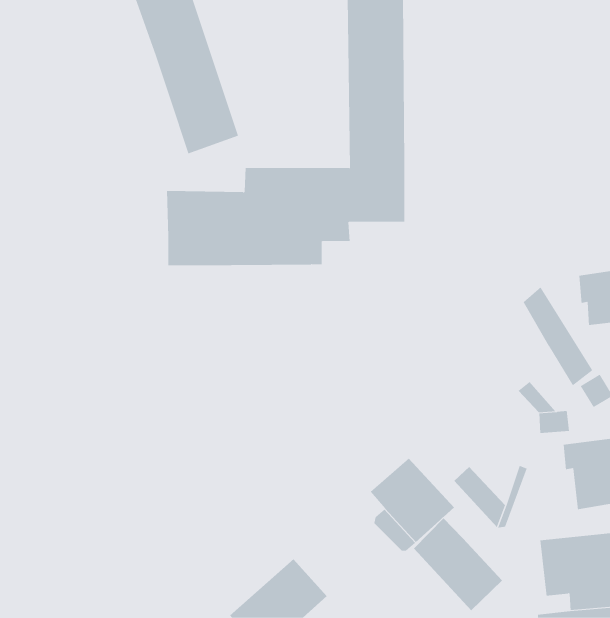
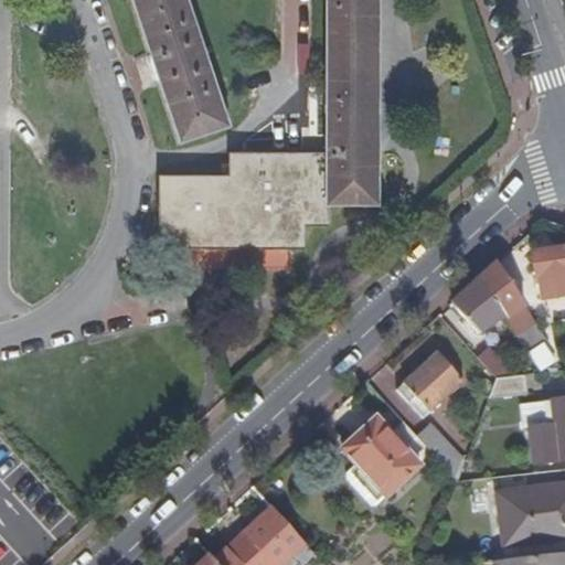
building: none -> [452,275,508,333]
building: none -> [399,351,467,417]
building: [413,518,503,611] -> none

